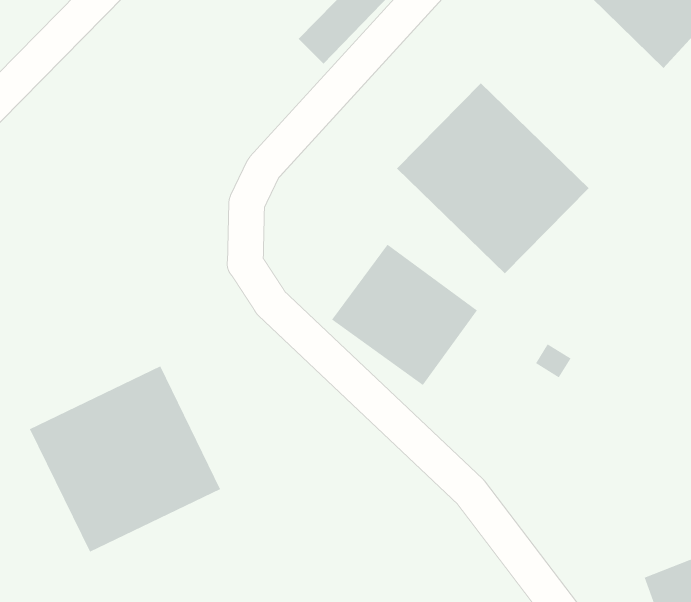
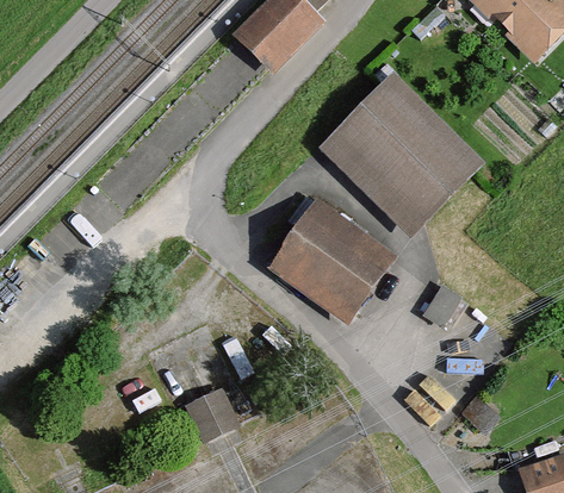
building: [29,365,221,553] -> none
building: none -> [187,391,236,441]

